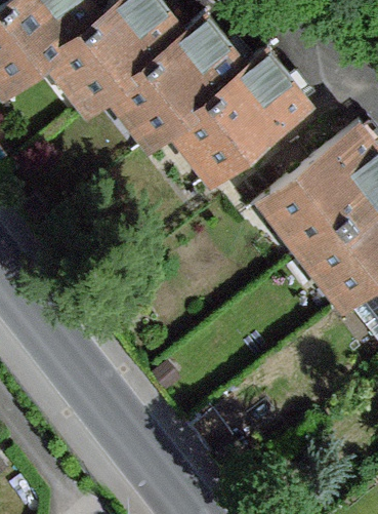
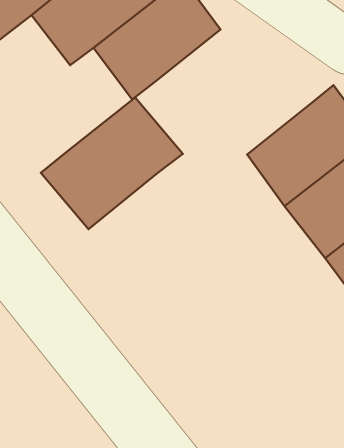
building: [177,60,305,182] -> none
building: none -> [41,97,183,229]

